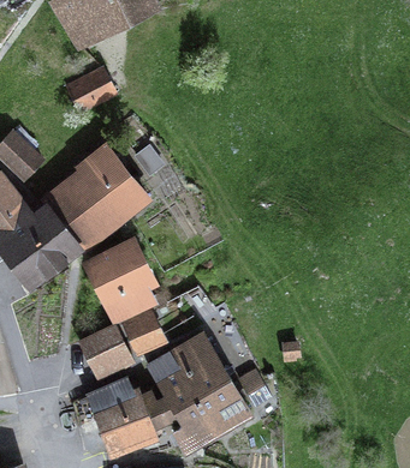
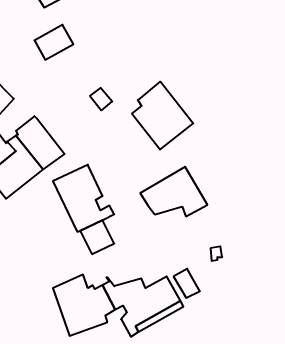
building: [69,145,144,229] -> [132,82,193,150]
building: [79,325,133,379] -> none
building: [147,334,230,395] -> [140,167,207,216]

